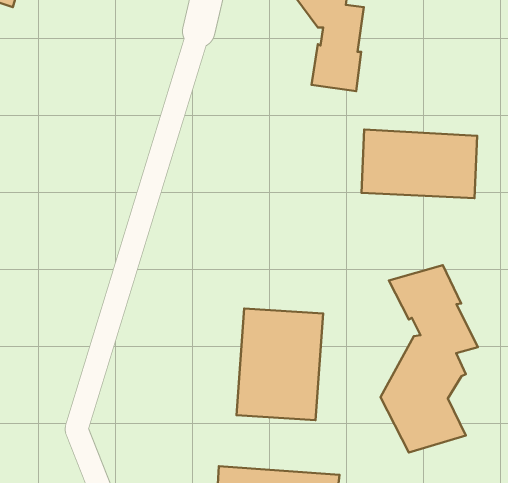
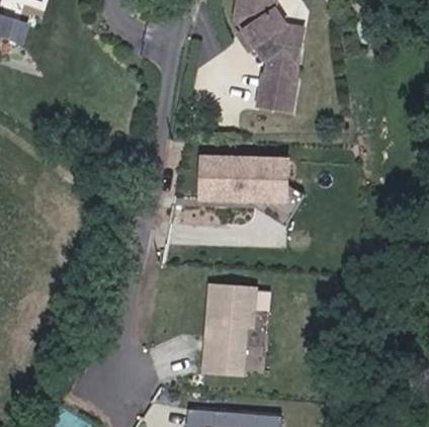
building: [362,129,477,198] -> [195,153,287,207]
building: [380,265,478,452] -> none

